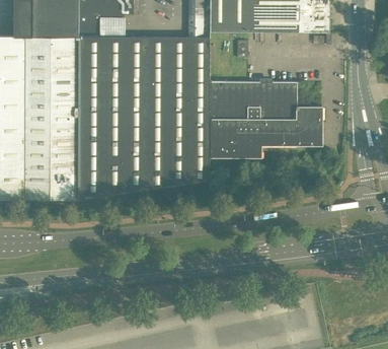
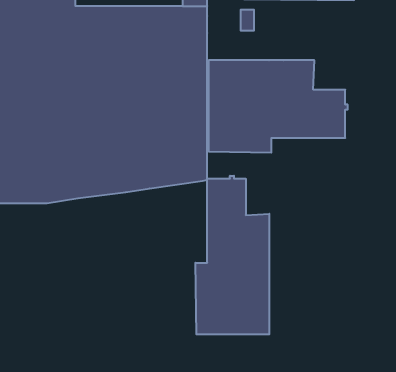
building: none -> [195,176,269,334]

